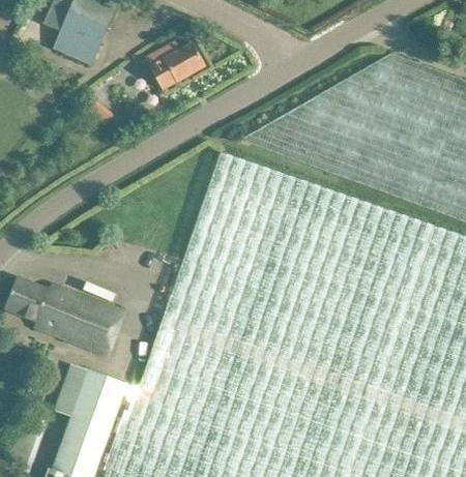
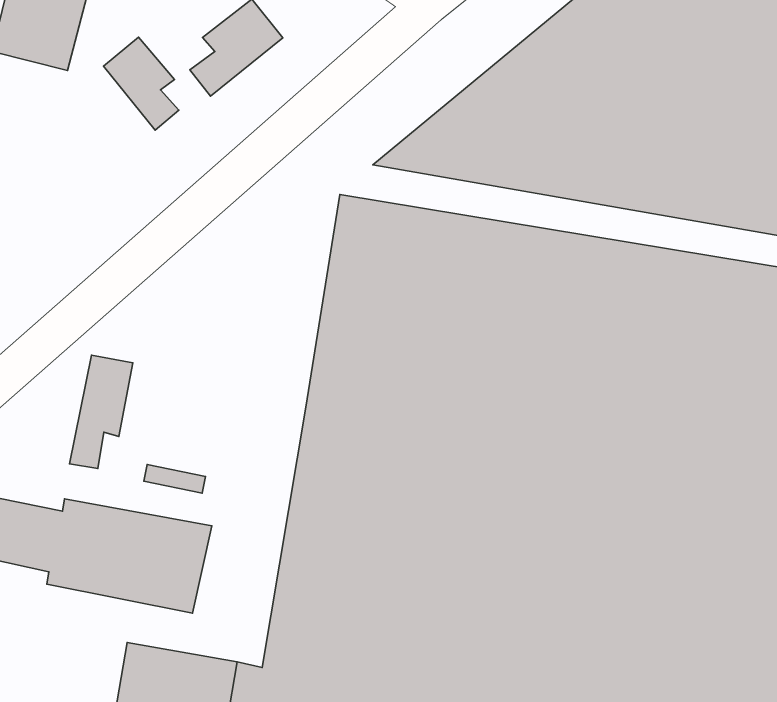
building: none -> [103,37,179,130]
building: none -> [70,355,133,469]

